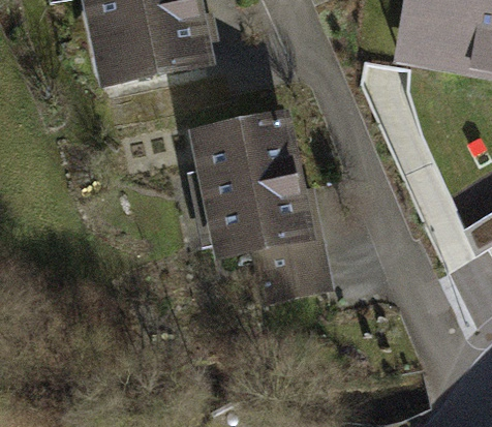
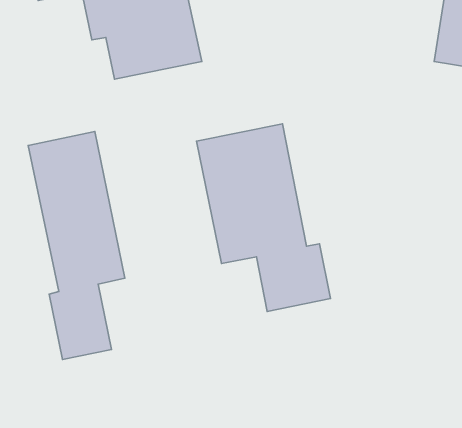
building: none -> [28,132,125,360]

